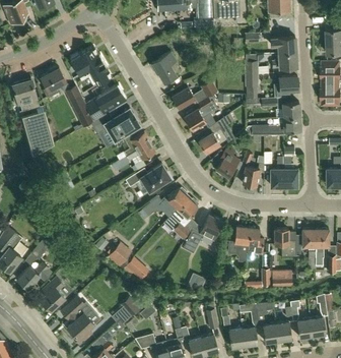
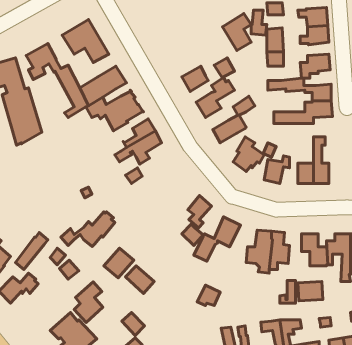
building: [152,51,177,82] -> [222,14,251,51]
building: [140,164,172,191] -> none
building: [142,187,188,217] -> [61,212,115,247]
building: [41,277,65,311] -> [74,282,103,323]

